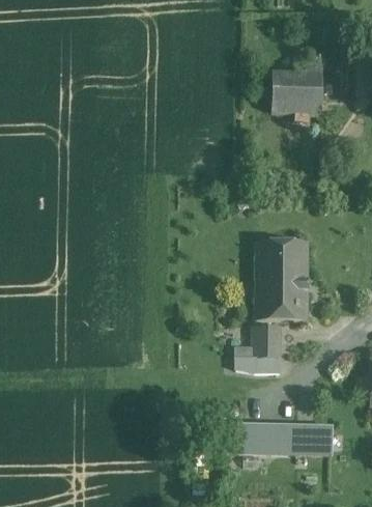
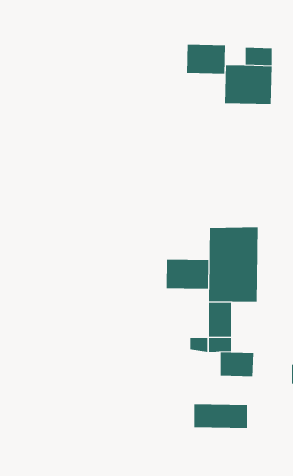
building: none -> [187,44,226,74]
building: none -> [166,259,209,289]
building: [296,427,333,453] -> [220,352,254,377]

